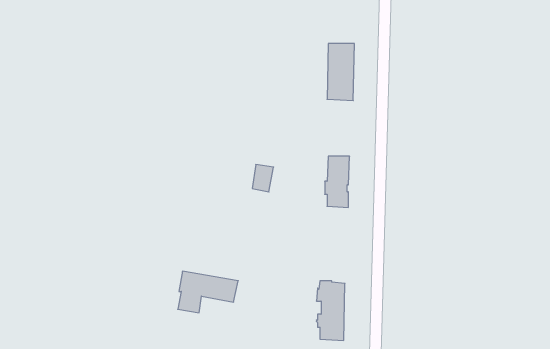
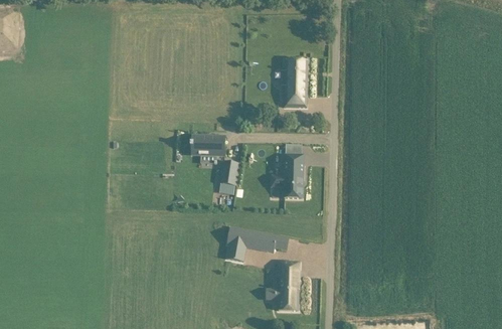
building: none -> [191,135,225,155]
building: [178,271,238,313] -> [226,225,278,261]

